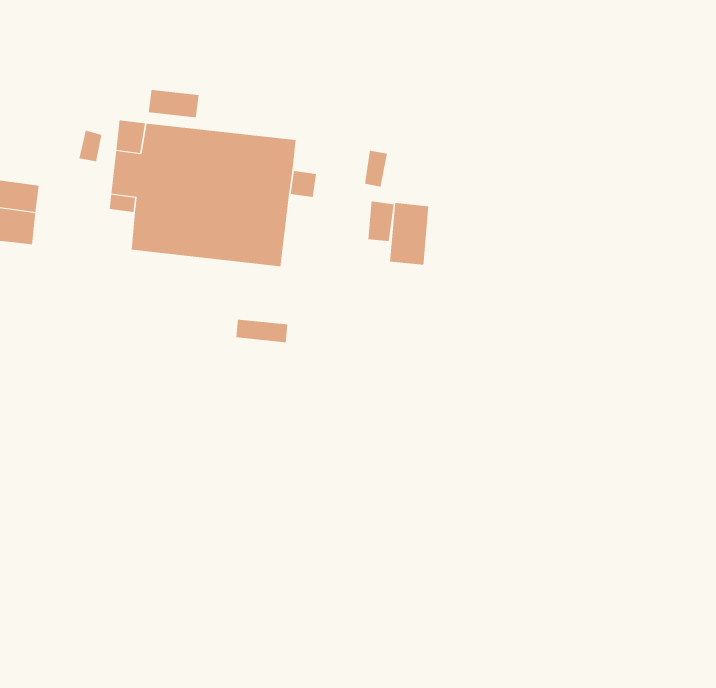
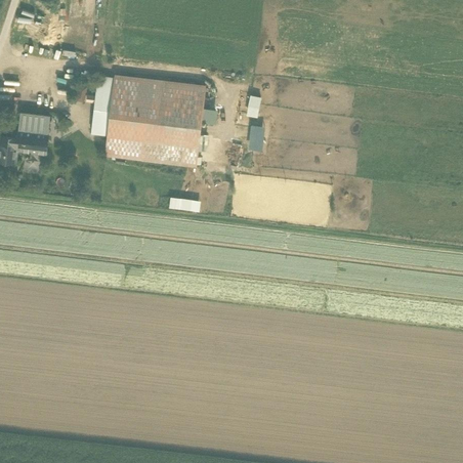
building: [148,89,199,118] -> none
building: [390,202,429,266] -> none

